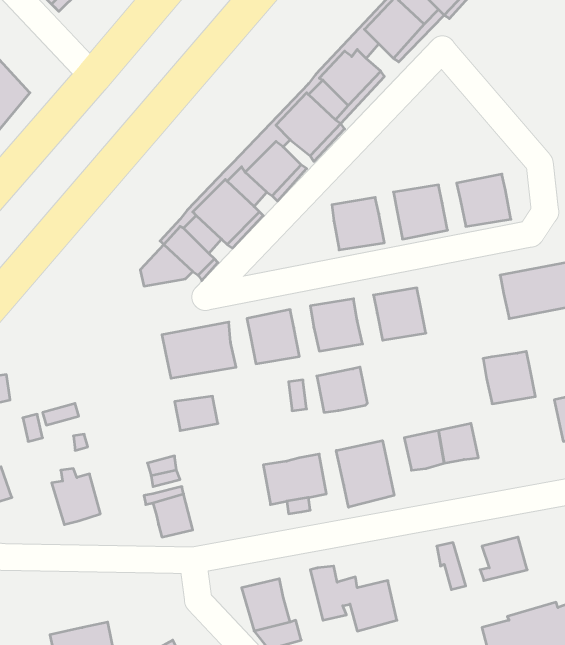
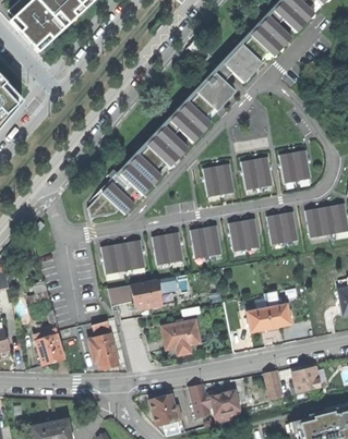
building: [483,351,535,404] -> [266,211,298,243]
building: [317,367,367,412] -> [131,278,161,305]
building: [336,441,394,507] -> none

